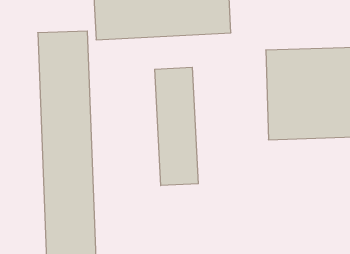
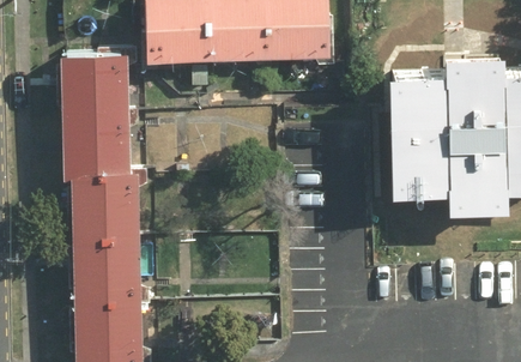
building: [155,67,198,186] -> none

